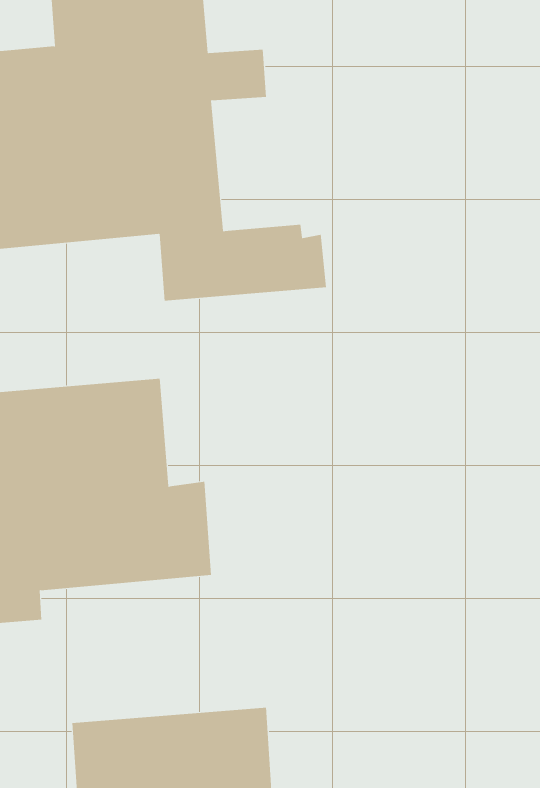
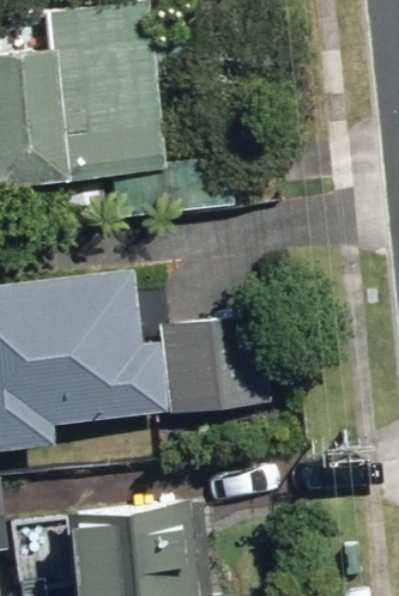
building: none -> [171,322,278,412]

